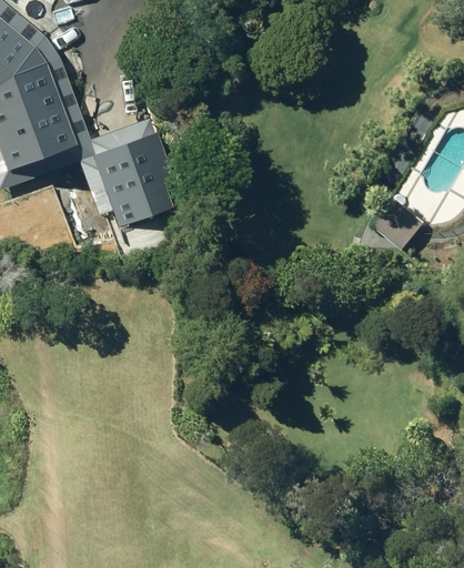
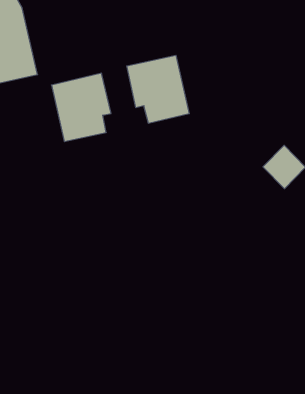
building: none -> [127,55,189,123]

